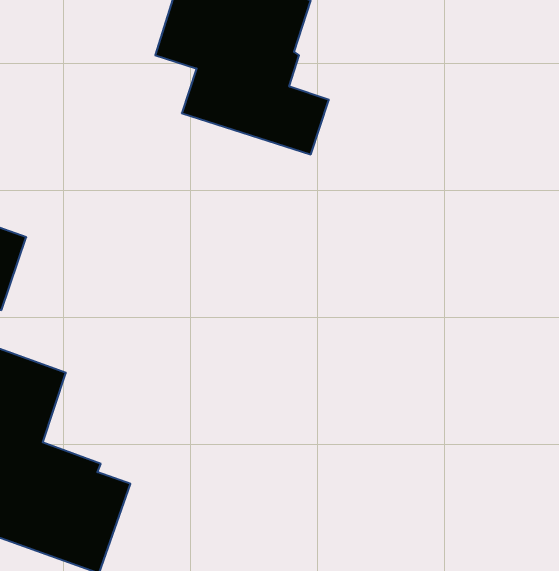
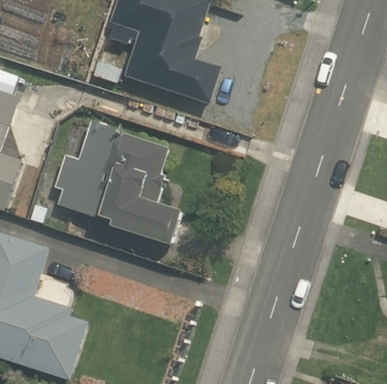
building: none -> [55,122,184,242]

